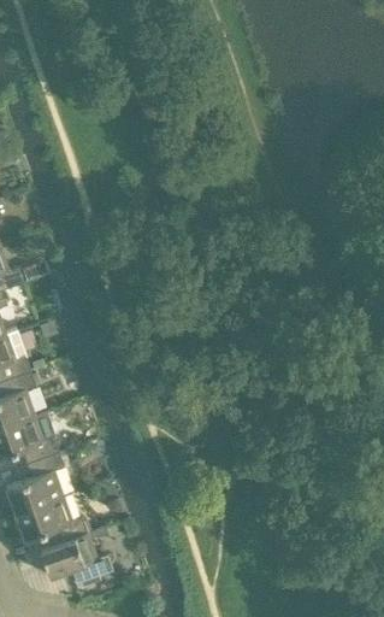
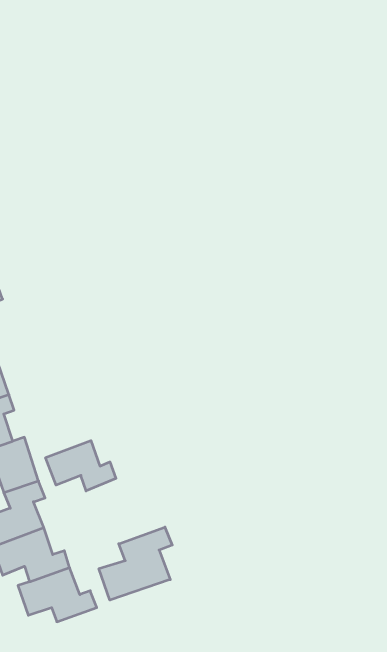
building: none -> [46,441,116,491]
building: none -> [99,527,172,600]

